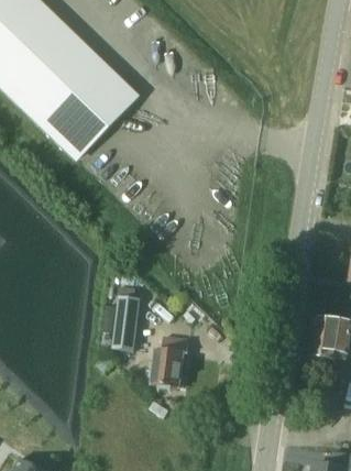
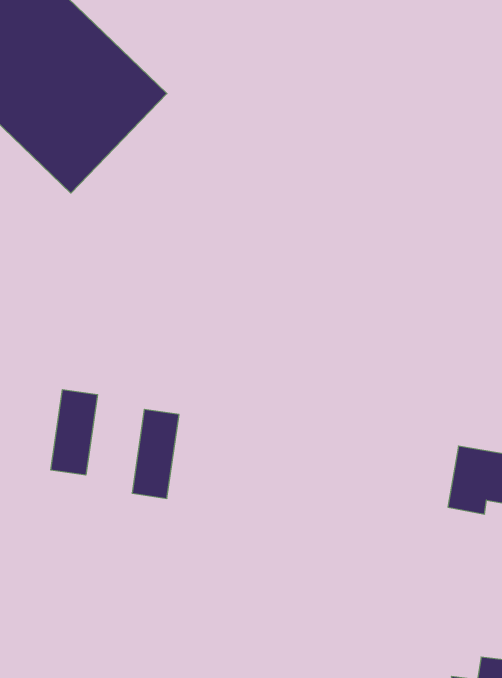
building: none -> [51,390,98,475]
building: [153,336,191,386] -> none

